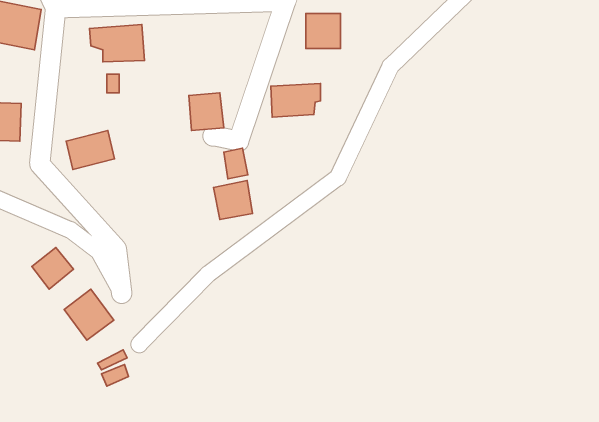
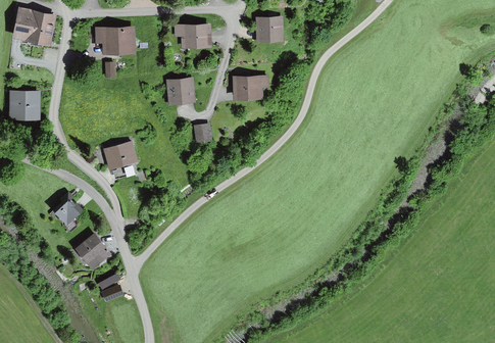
building: none -> [175,24,212,49]
building: [66,131,115,170] -> [102,136,139,165]
building: [214,181,253,220] -> none

